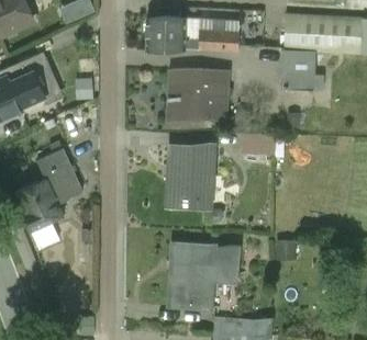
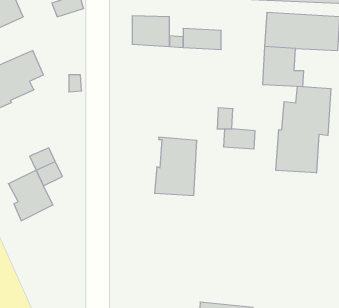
building: [170,70,232,122] -> none
building: none -> [276,86,331,173]
building: [168,239,238,309] -> none

